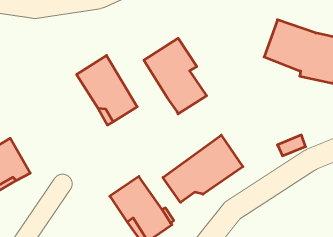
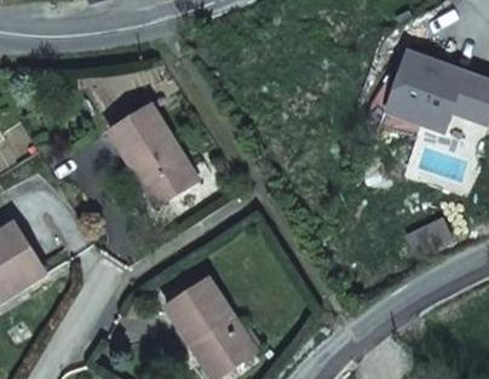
building: [144,38,207,114] -> none
building: [163,135,243,202] -> none

